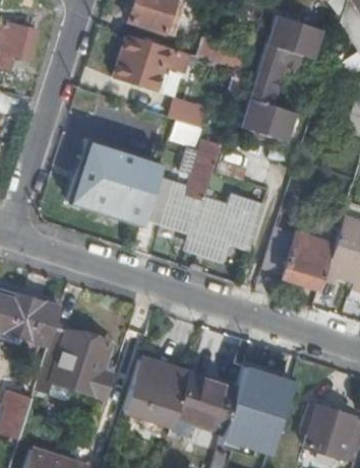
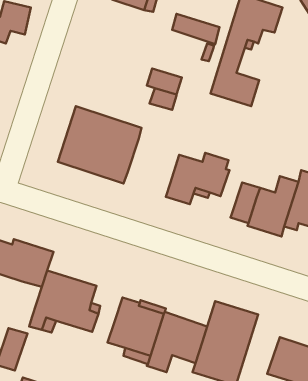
building: [114,37,193,94] -> none
building: [146,139,222,229] -> none

